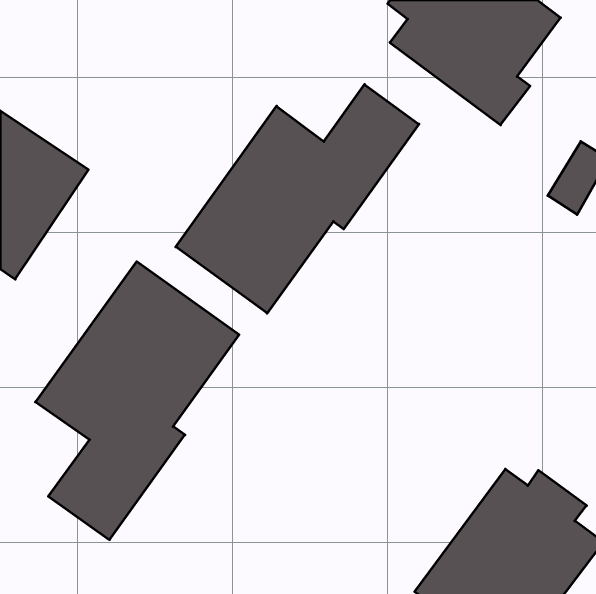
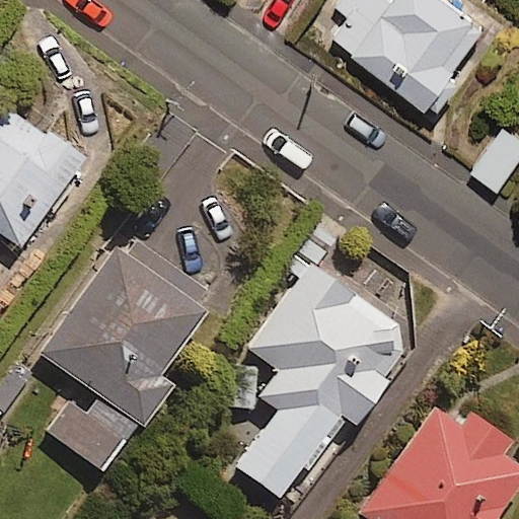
building: [176,84,419,313] -> none
building: none -> [235,266,411,500]

